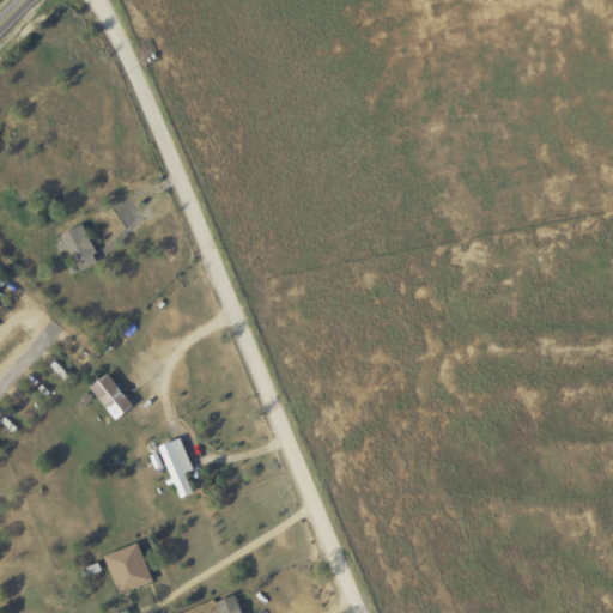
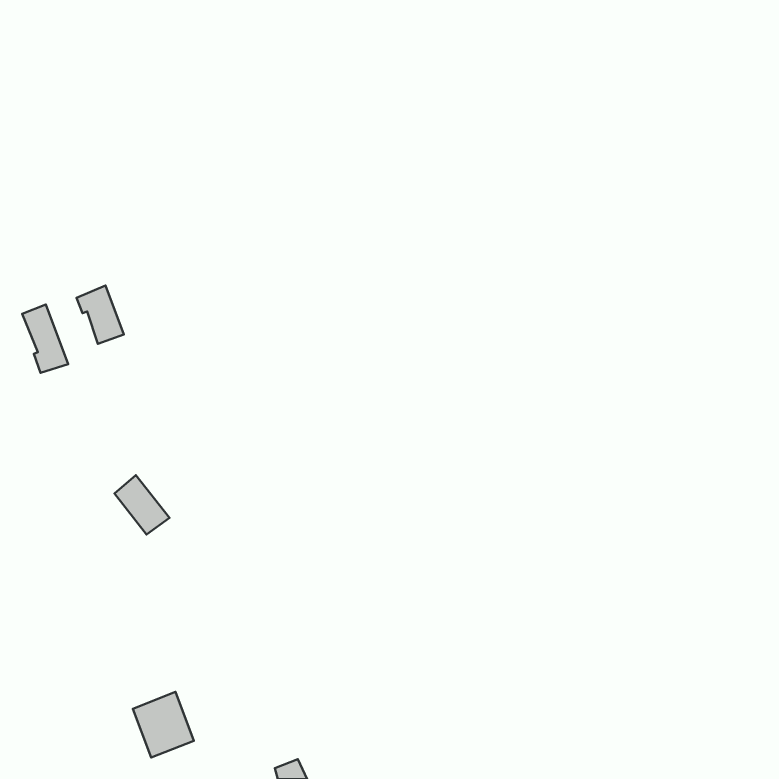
building: none -> [22,304,68,373]
building: [159,437,193,498] -> none

